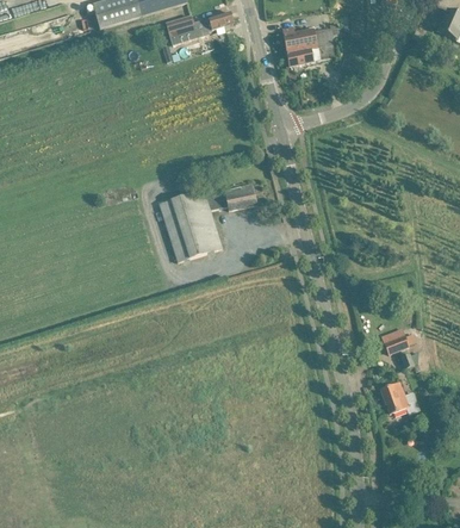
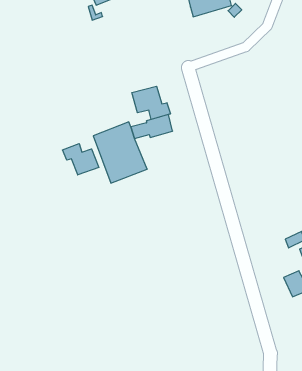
building: none -> [132,86,170,119]
building: none -> [63,144,99,175]

